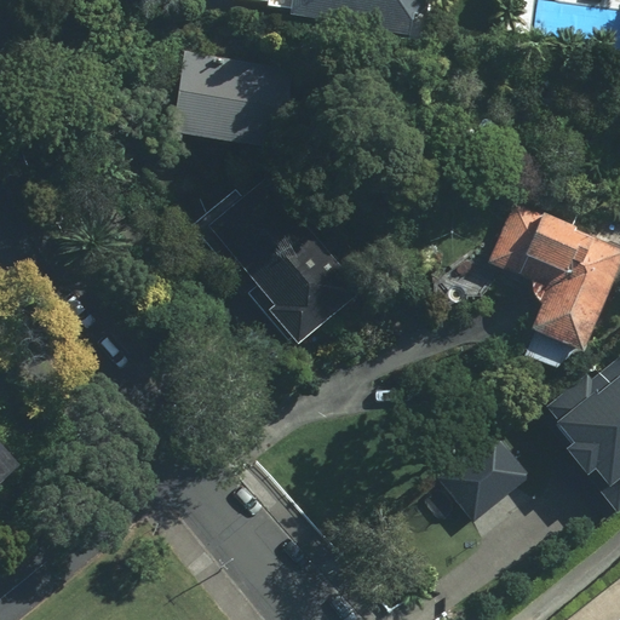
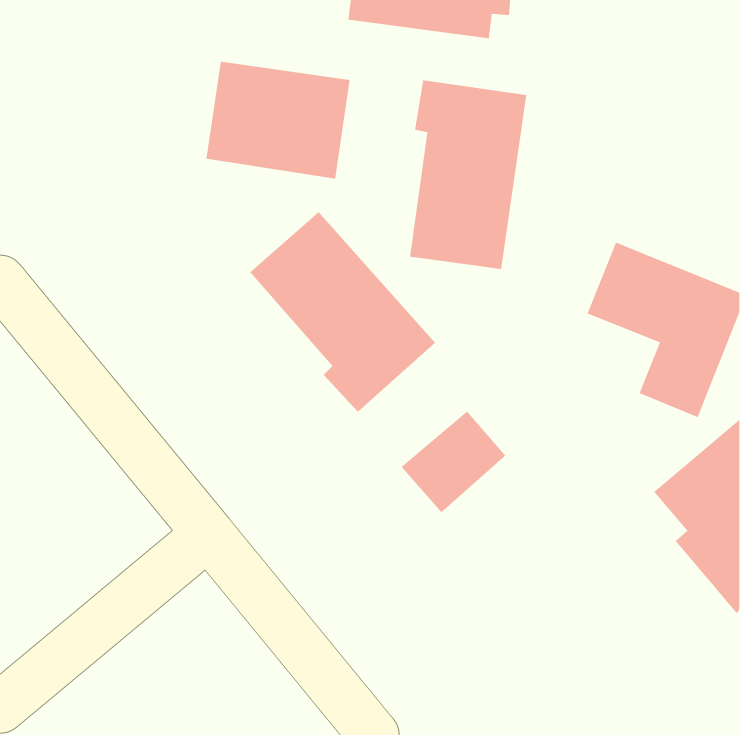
building: none -> [409,80,527,270]
building: [438,430,527,516] -> [400,411,506,513]

